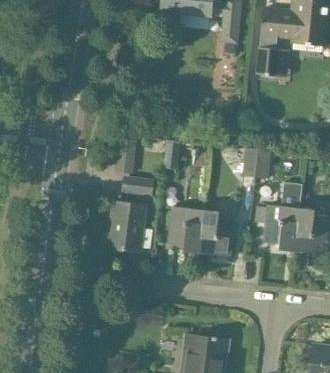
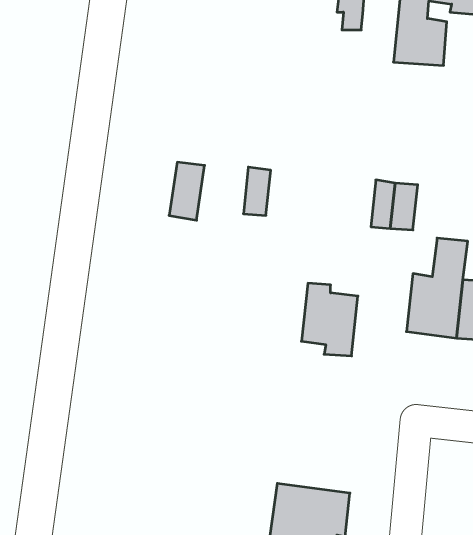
building: [120,175,154,196] -> none
building: [109,201,146,251] -> none
building: [167,208,202,247] -> none

